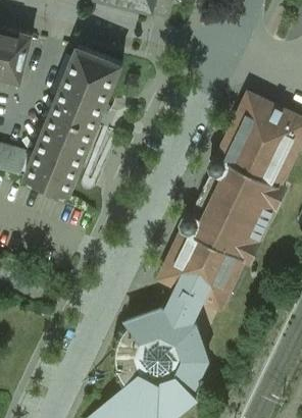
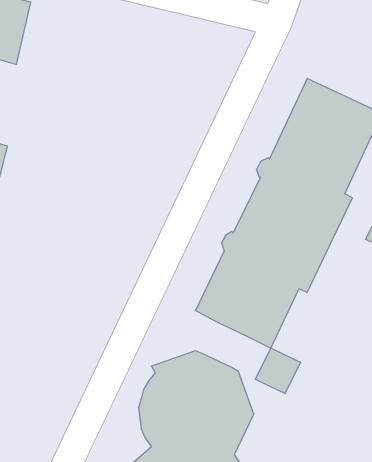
building: [24,46,121,195] -> none
building: [166,286,202,322] -> [255,348,301,394]

